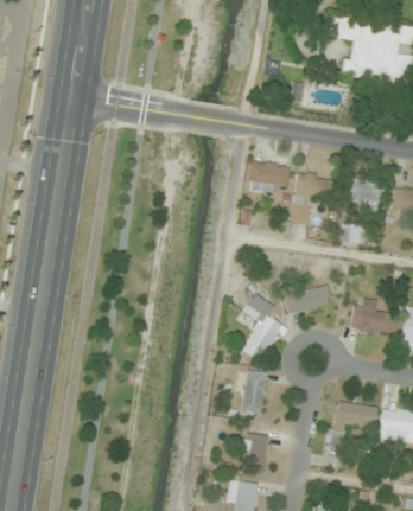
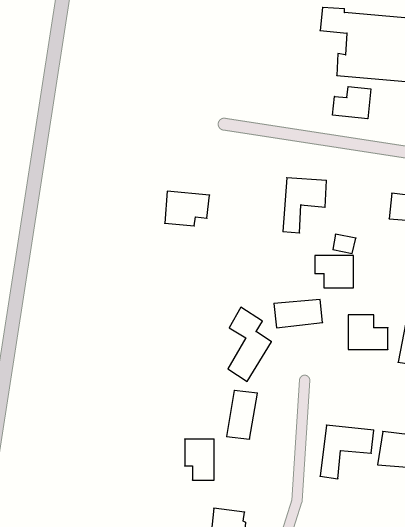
building: none -> [333,87,371,119]
building: [247,160,288,192] -> [165,191,210,226]
building: [348,181,383,211] -> [315,256,353,288]
building: [240,434,267,472] -> [185,439,214,480]

